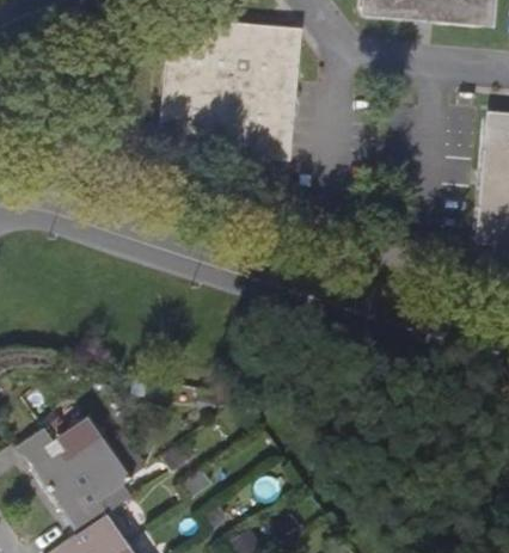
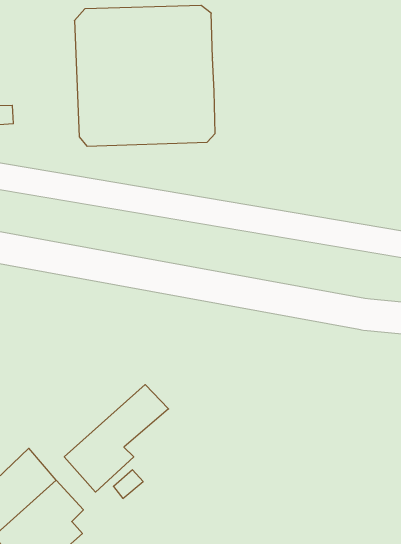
building: none -> [64,385,169,492]

